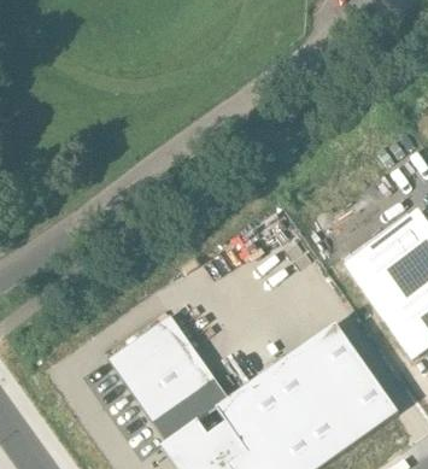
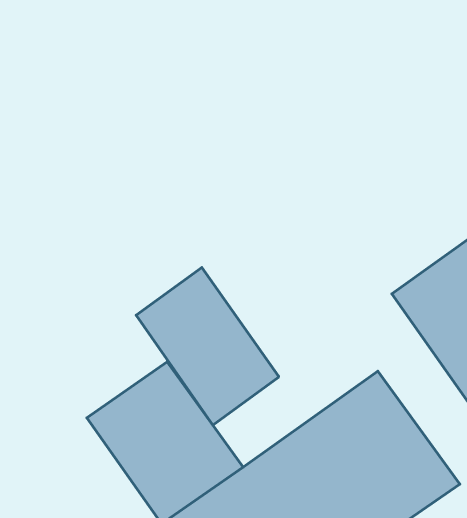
building: none -> [136,268,279,425]

